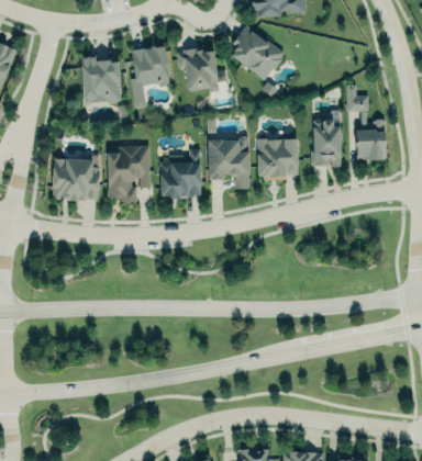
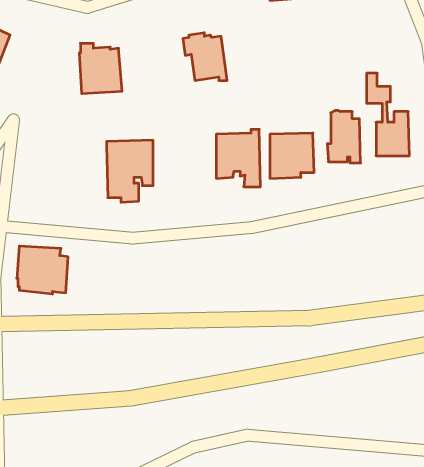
building: [231,26,285,81] -> none
building: [131,46,169,109] -> none
building: [159,149,200,199] -> none
building: [52,158,99,202] -> [17,246,68,294]

